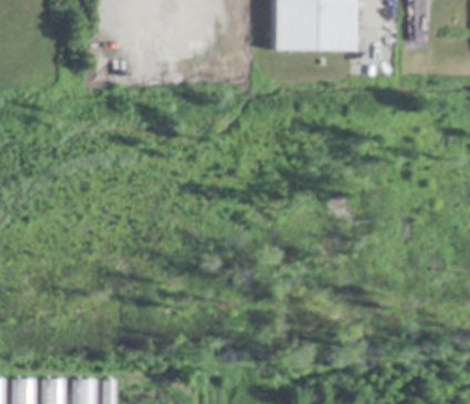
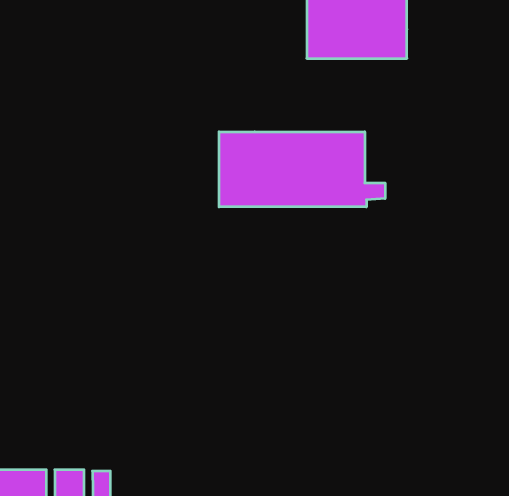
building: none -> [219,132,385,207]

